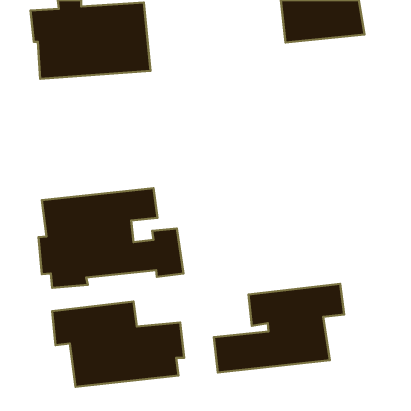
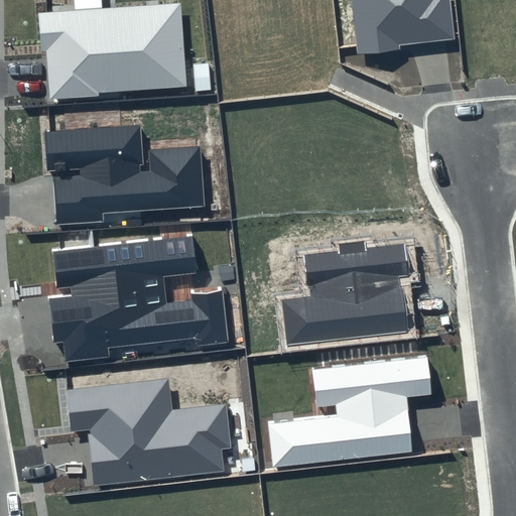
building: none -> [44,124,206,225]
building: none -> [280,243,410,347]

